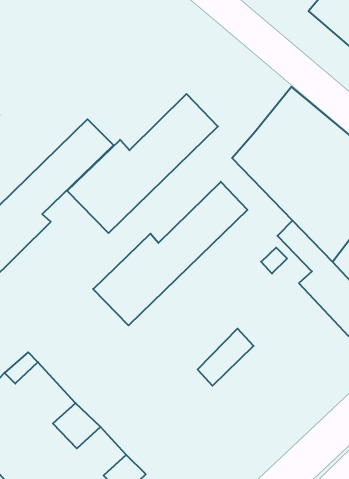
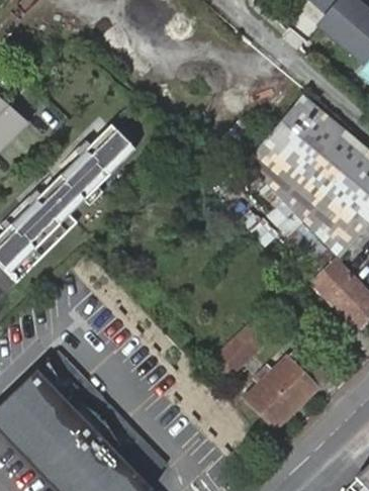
building: [67,94,218,233] -> none
building: [93,182,247,325] -> none
building: none -> [247,347,329,428]

